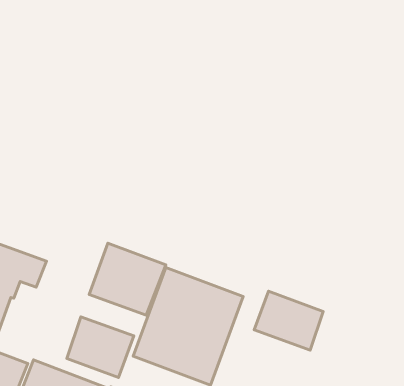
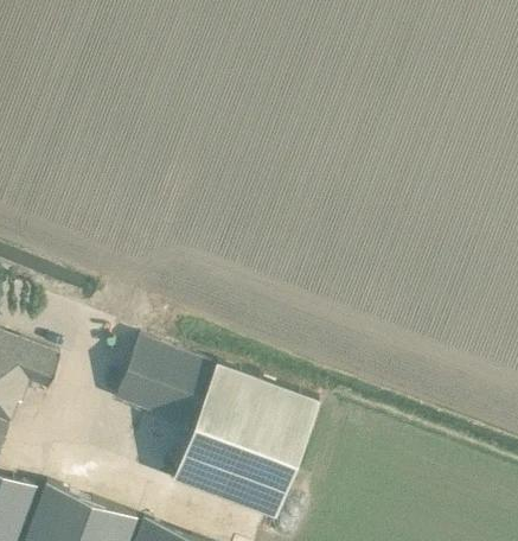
building: [254,291,323,350] -> none
building: [67,317,134,377] -> none

